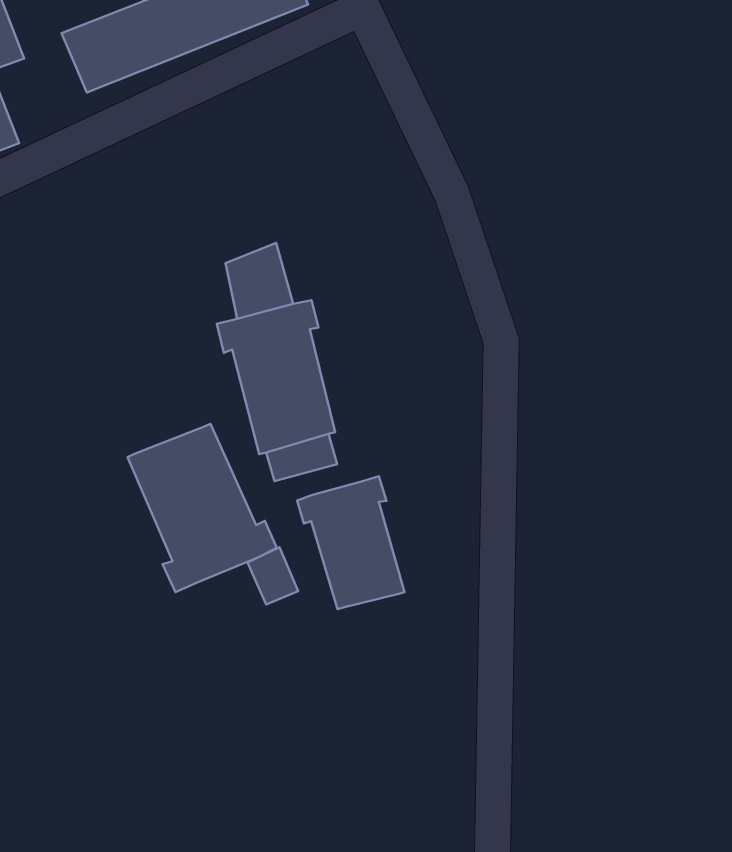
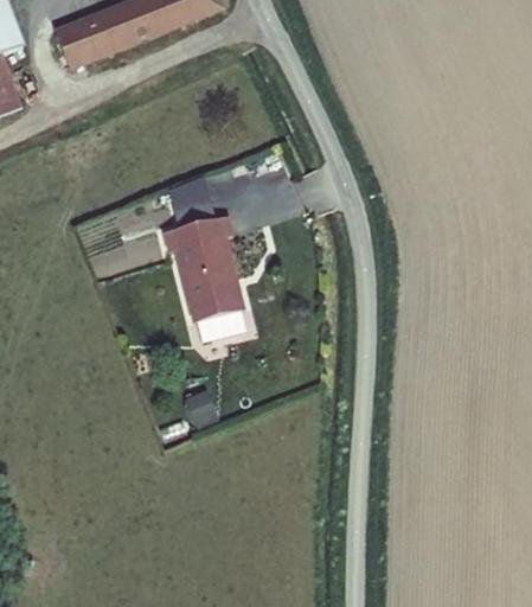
building: [127,424,277,592] -> none
building: [297,476,405,609] -> none

